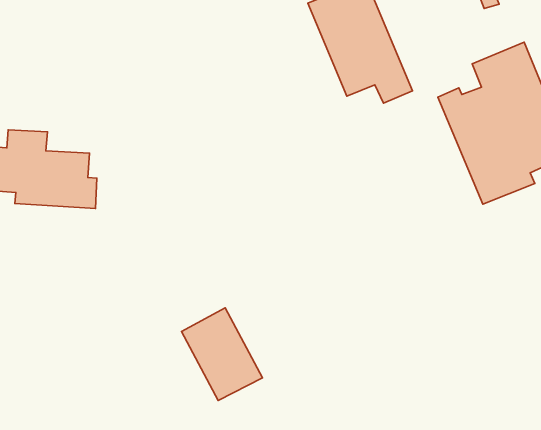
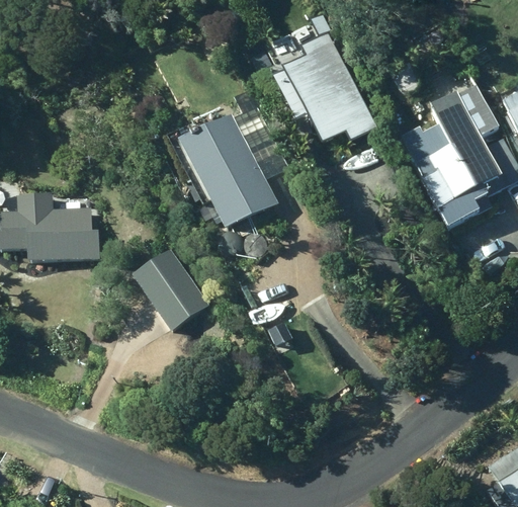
building: none -> [170,90,289,228]
building: [182,308,262,400] -> [133,248,208,332]

